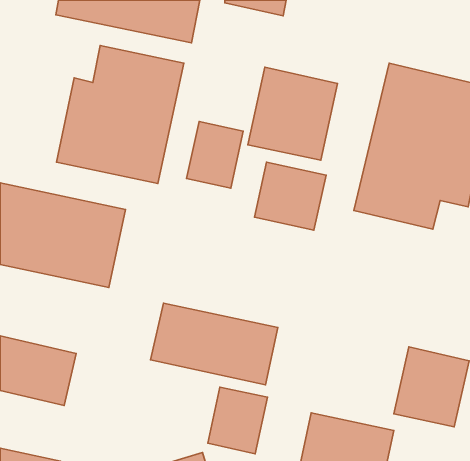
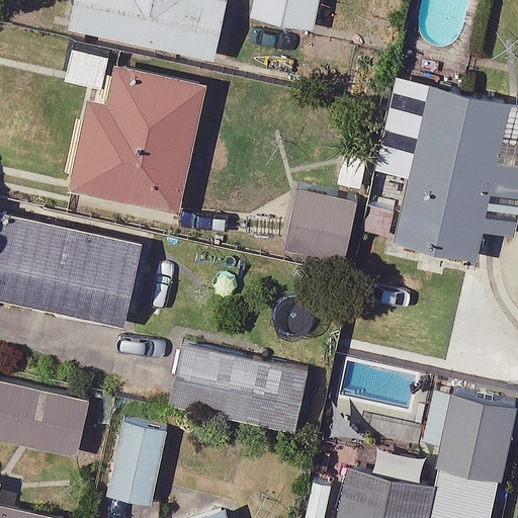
building: [248,67,337,160] -> none
building: [187,122,243,188] -> none
building: none -> [107,422,168,507]
building: [208,387,267,454] -> none

